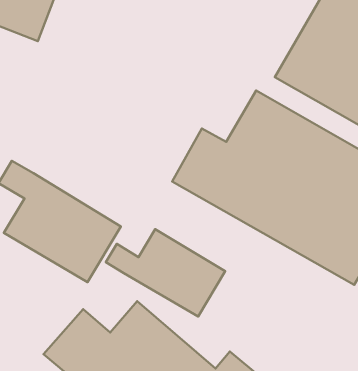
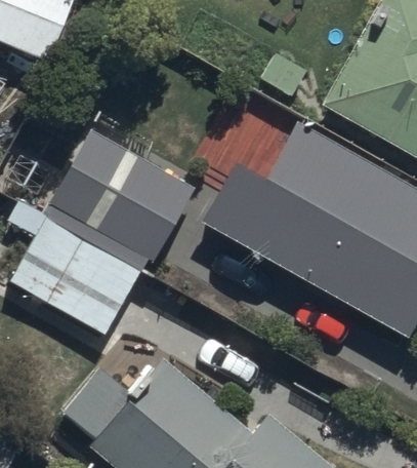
building: none -> [44,129,193,272]
building: [106,229,225,316] -> none

